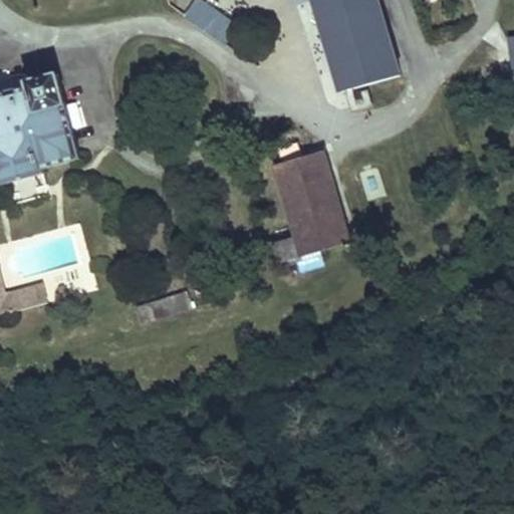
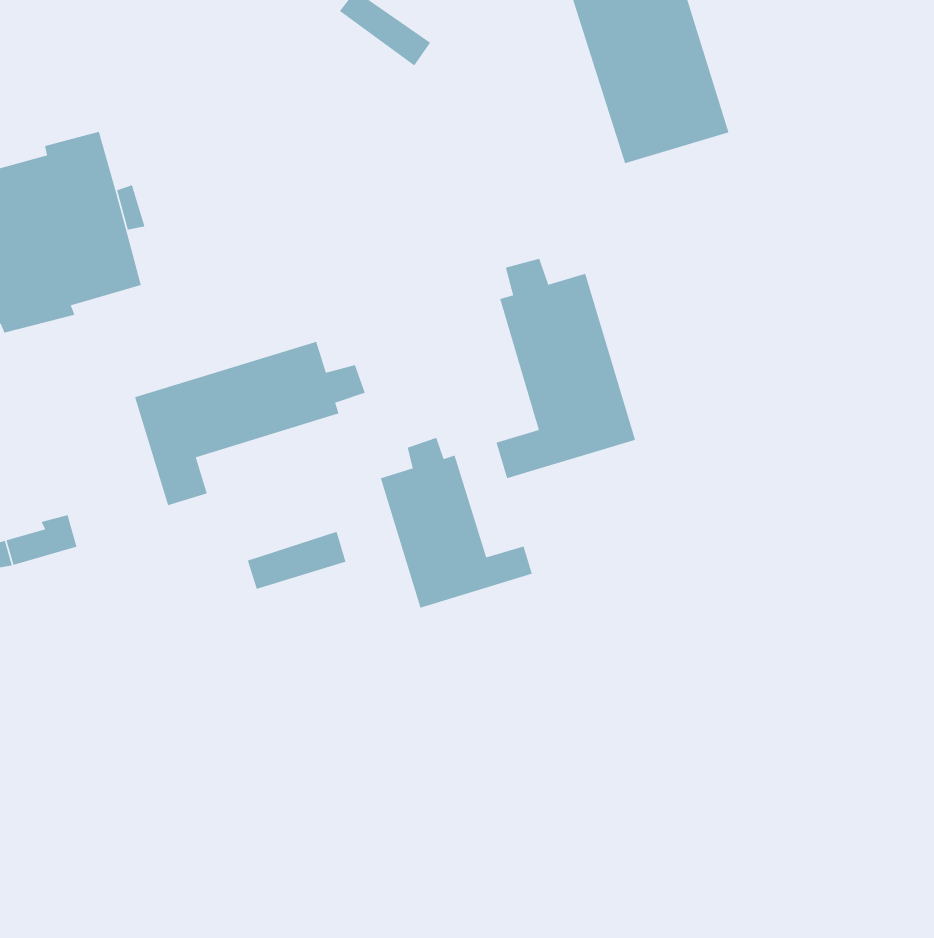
building: none -> [134,341,366,506]
building: none -> [380,437,533,609]

